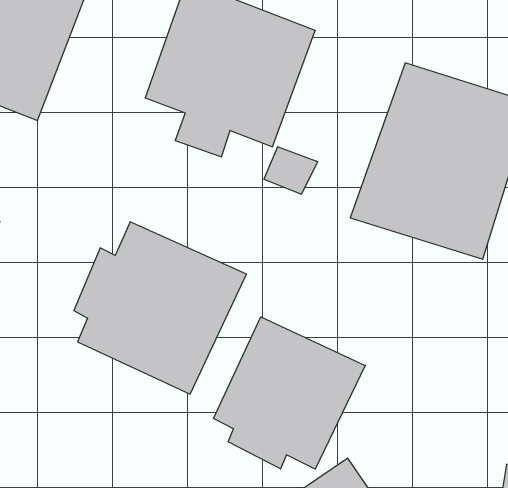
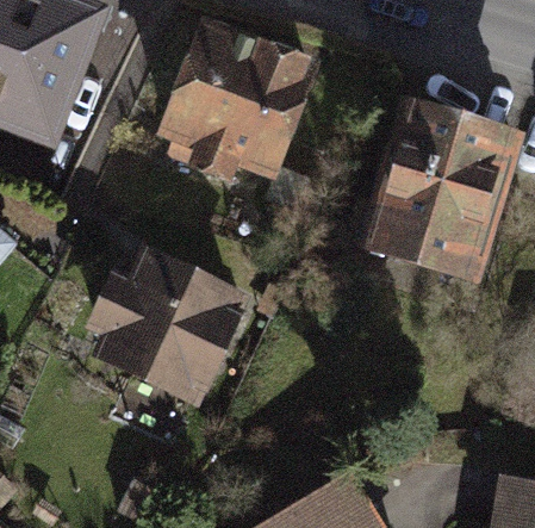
building: [213,317,365,469] -> none

